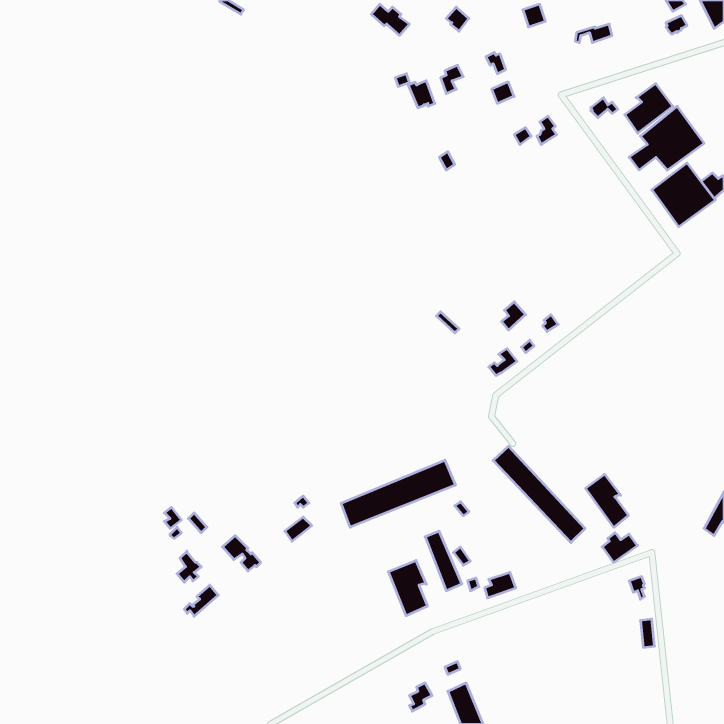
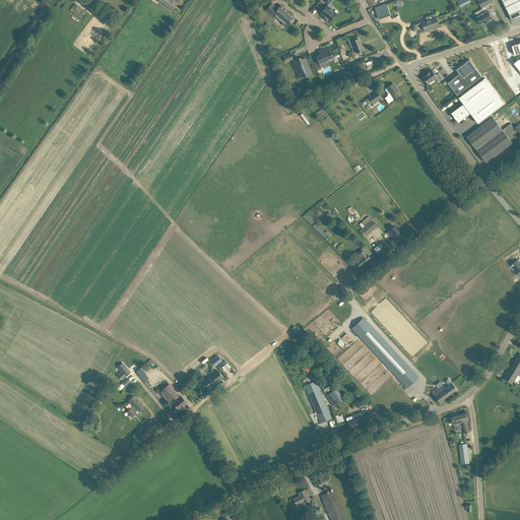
building: [341,460,455,527] -> none
building: [586,474,628,527] -> none
building: [388,560,427,616] -> none

